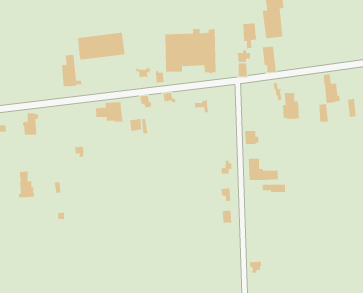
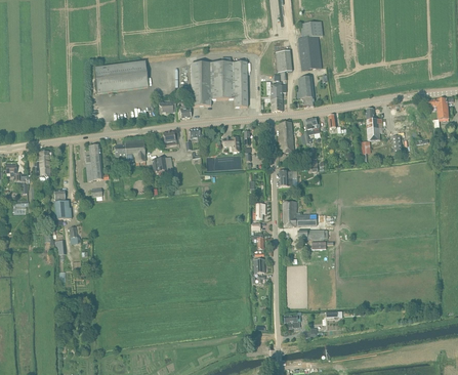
building: [61,54,82,87] -> [85,144,109,180]
building: [282,92,300,119] -> [278,122,297,152]
building: [18,171,35,198] -> [53,190,72,219]

